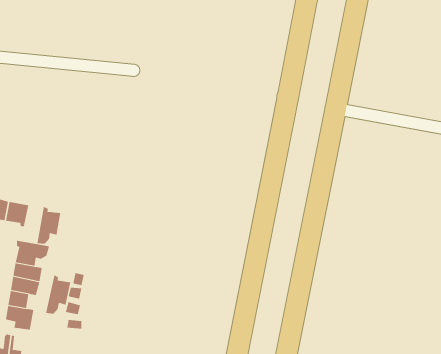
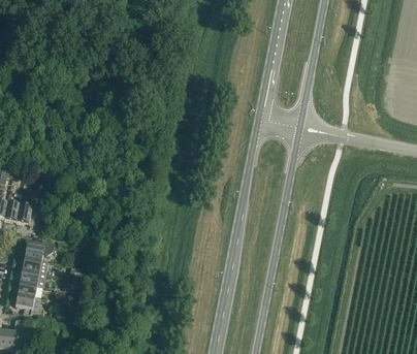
building: [37,206,61,244] -> none
building: [46,275,71,315] -> none

